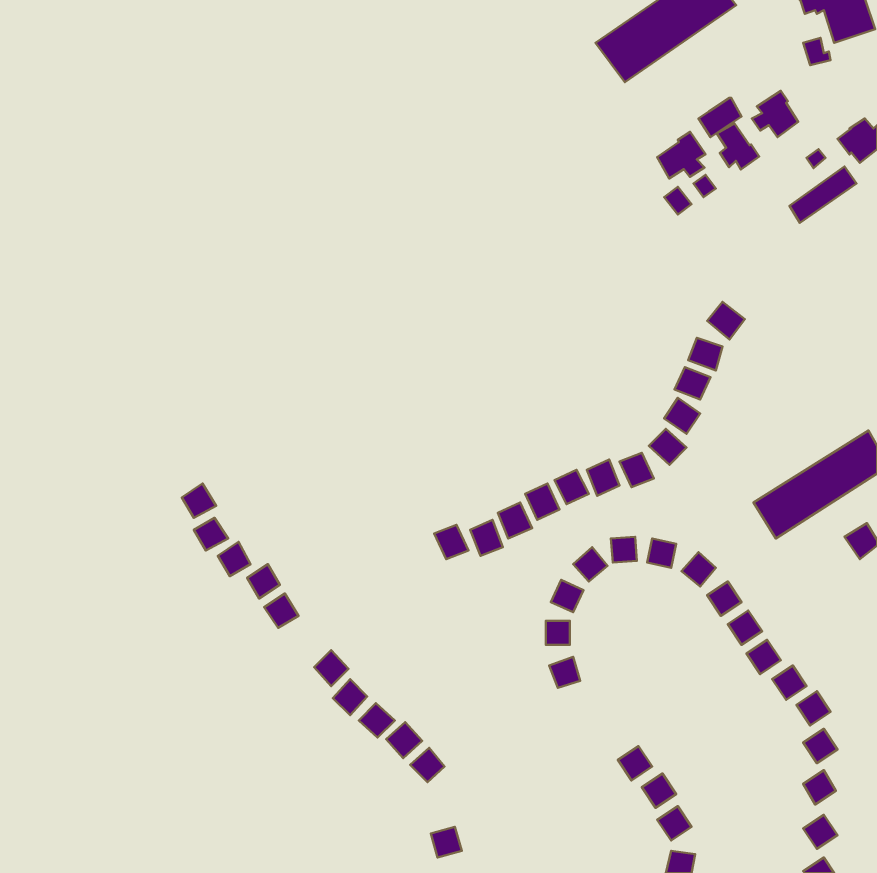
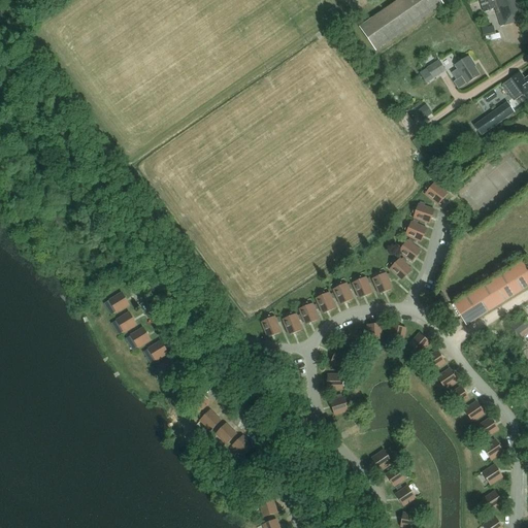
building: [717,124,759,169] -> none
building: [657,132,706,178] -> none

